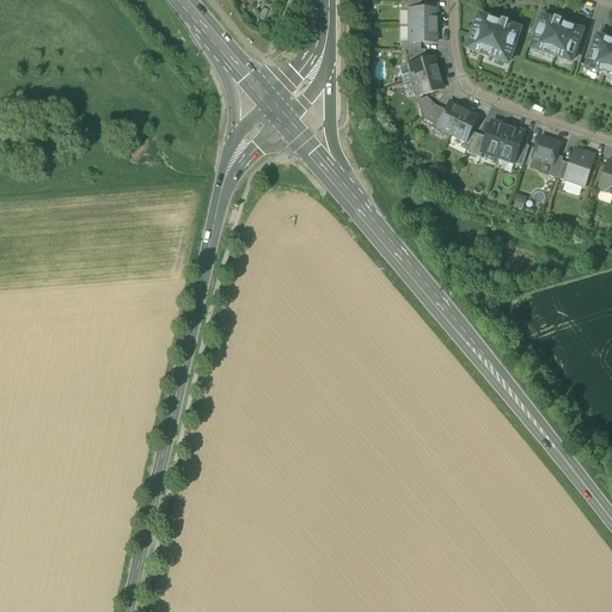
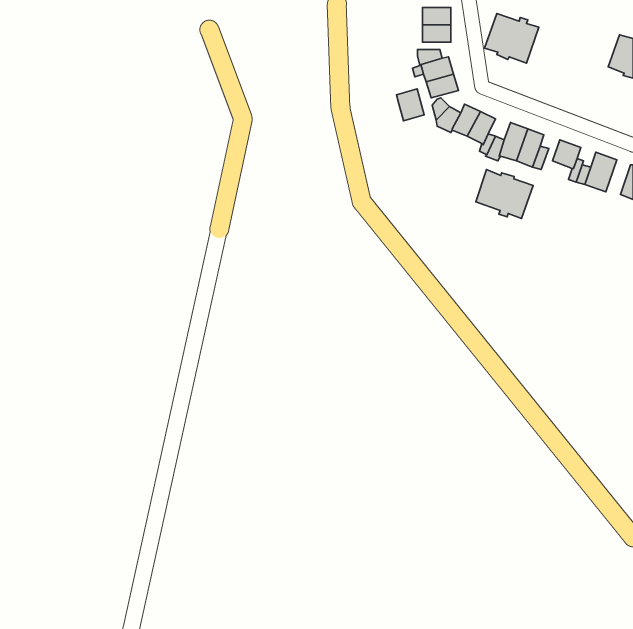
building: [532,14,582,60] -> none
building: none -> [396,89,424,121]
building: none -> [476,170,533,219]

